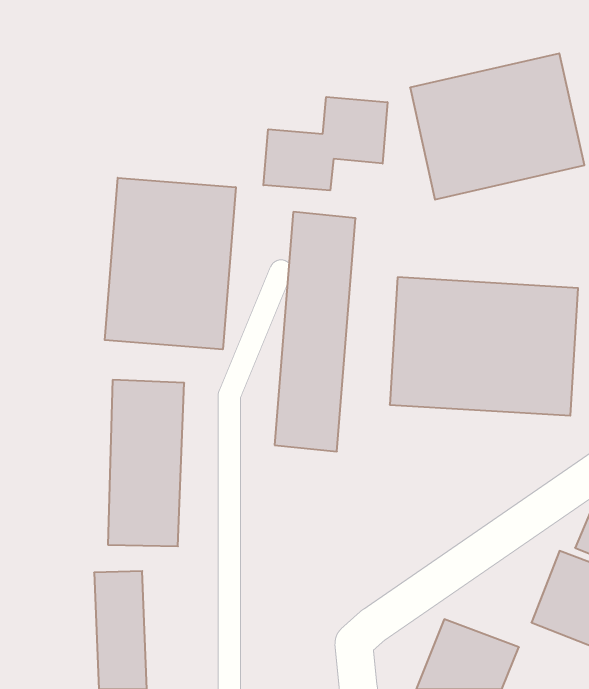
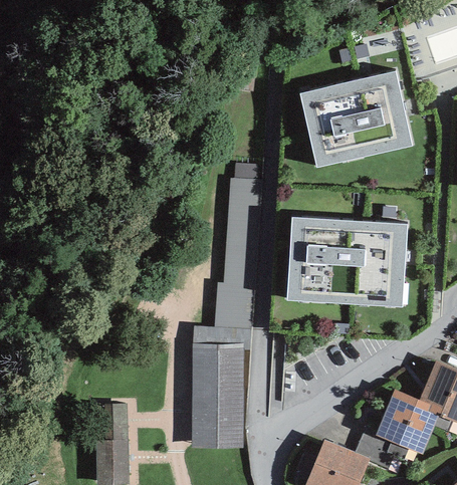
building: [263,97,387,190] -> none
building: [105,178,236,349] -> none
building: [108,380,184,546] -> [193,344,242,452]

